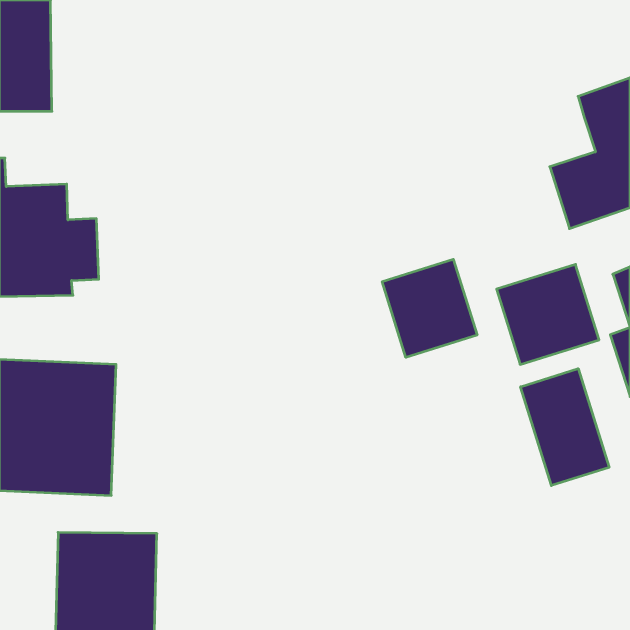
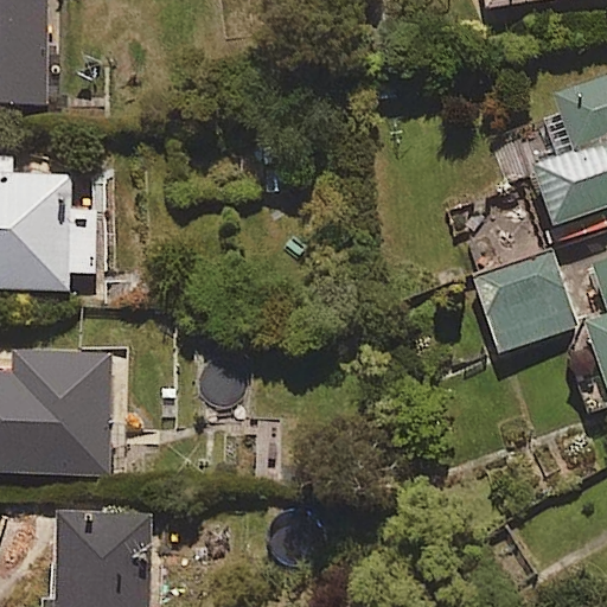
building: [382,259,477,357] -> none
building: [521,369,609,486] -> none

